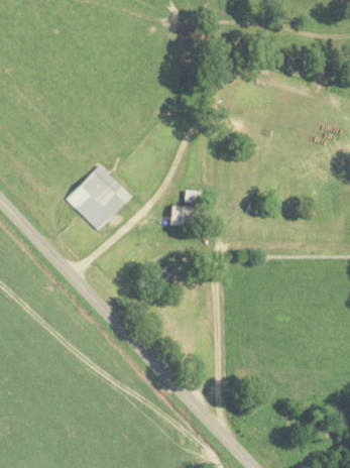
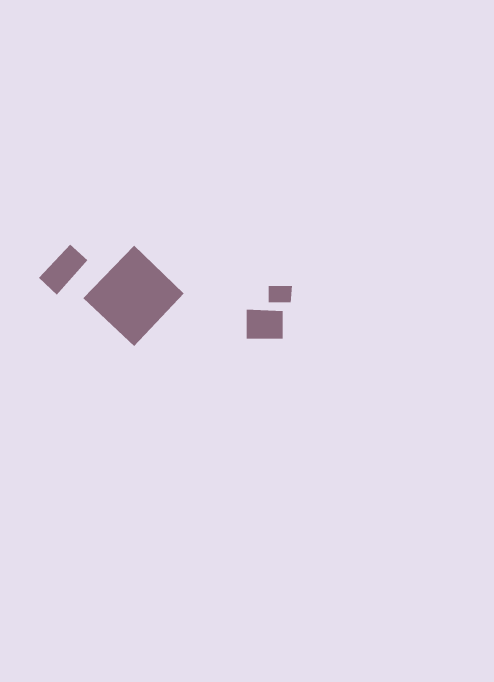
building: none -> [38,244,88,296]

